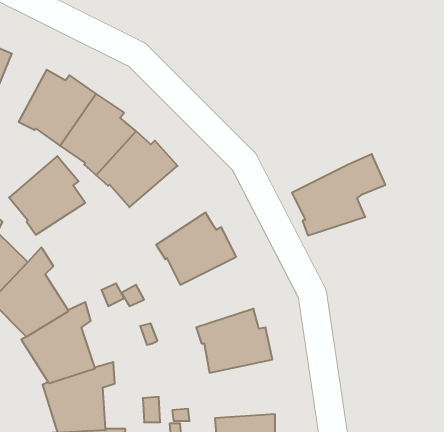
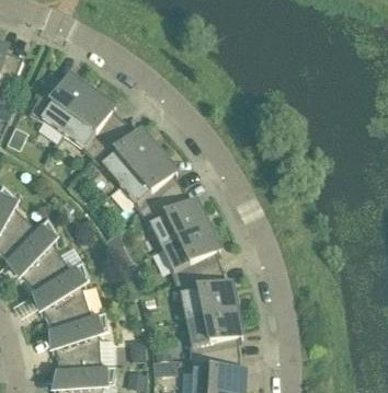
building: [292,154,385,236] -> [162,217,239,284]
building: [9,156,85,235] -> [121,151,183,216]
building: none -> [186,310,243,358]

